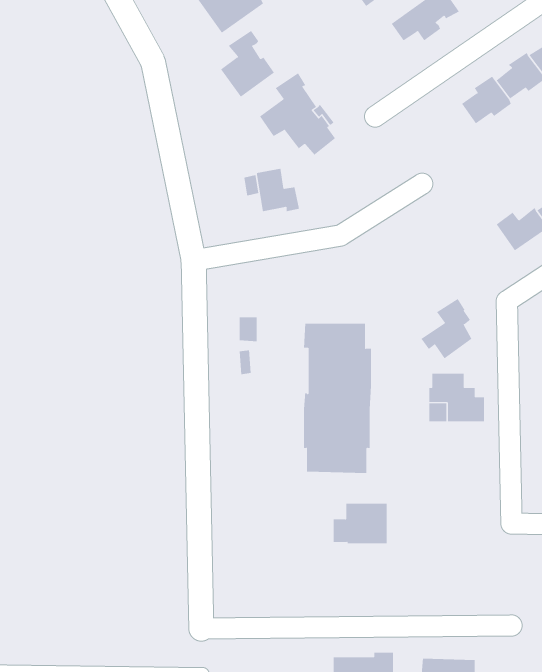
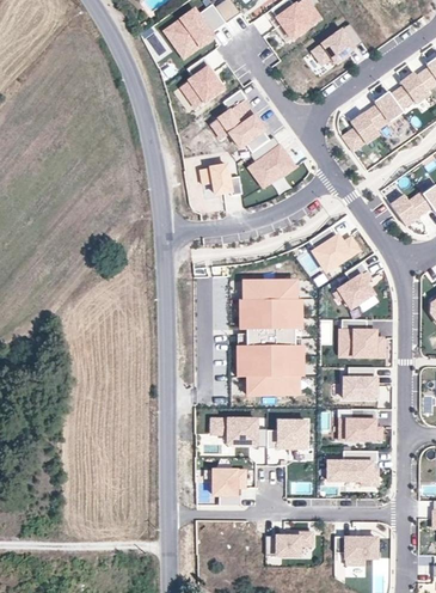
building: none -> [342,114,379,153]
building: none -> [248,136,295,191]
building: none -> [308,227,361,271]
building: none -> [343,367,377,399]
building: none -> [339,409,381,440]
building: none -> [209,417,266,447]
building: none -> [327,451,376,485]
building: none -> [211,470,245,506]

